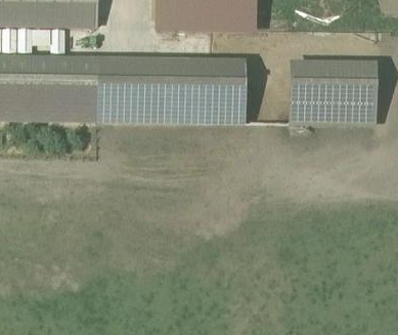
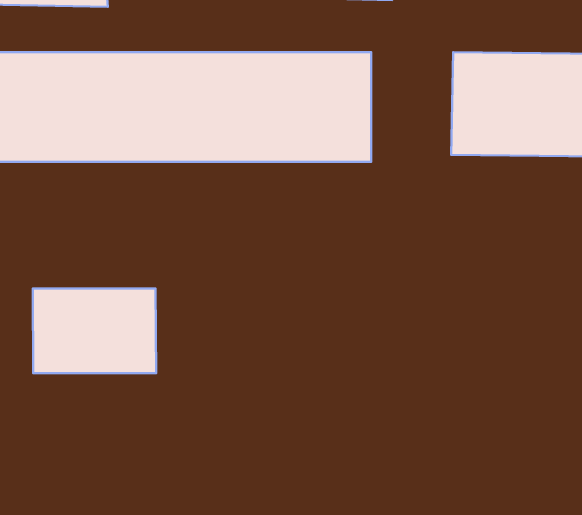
building: none -> [33,289,156,373]

